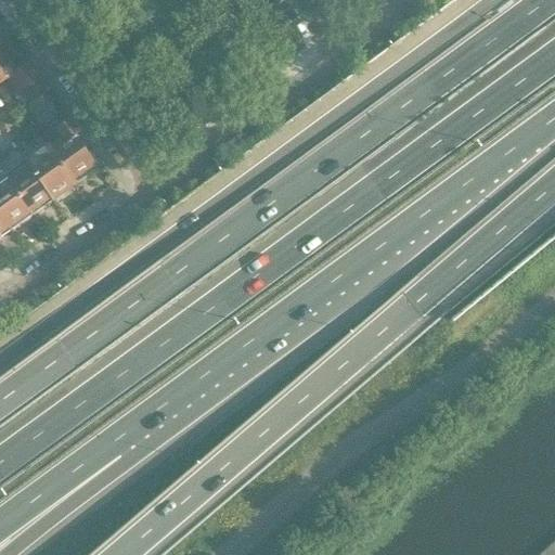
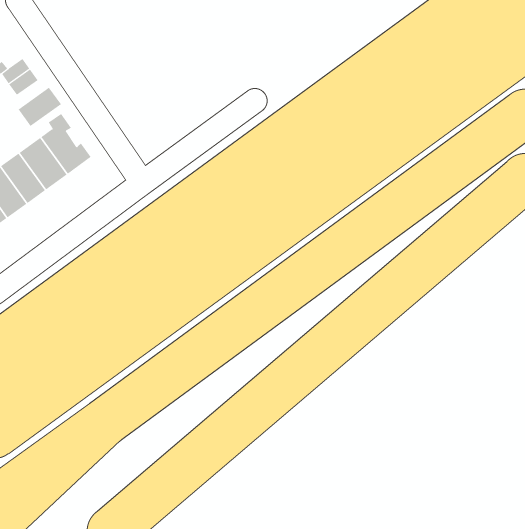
building: none -> [18,87,62,127]

